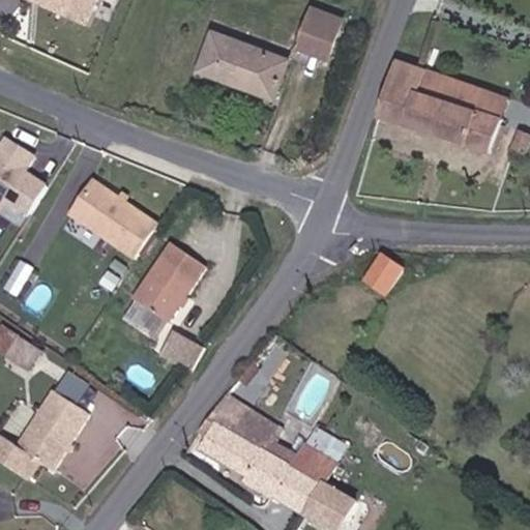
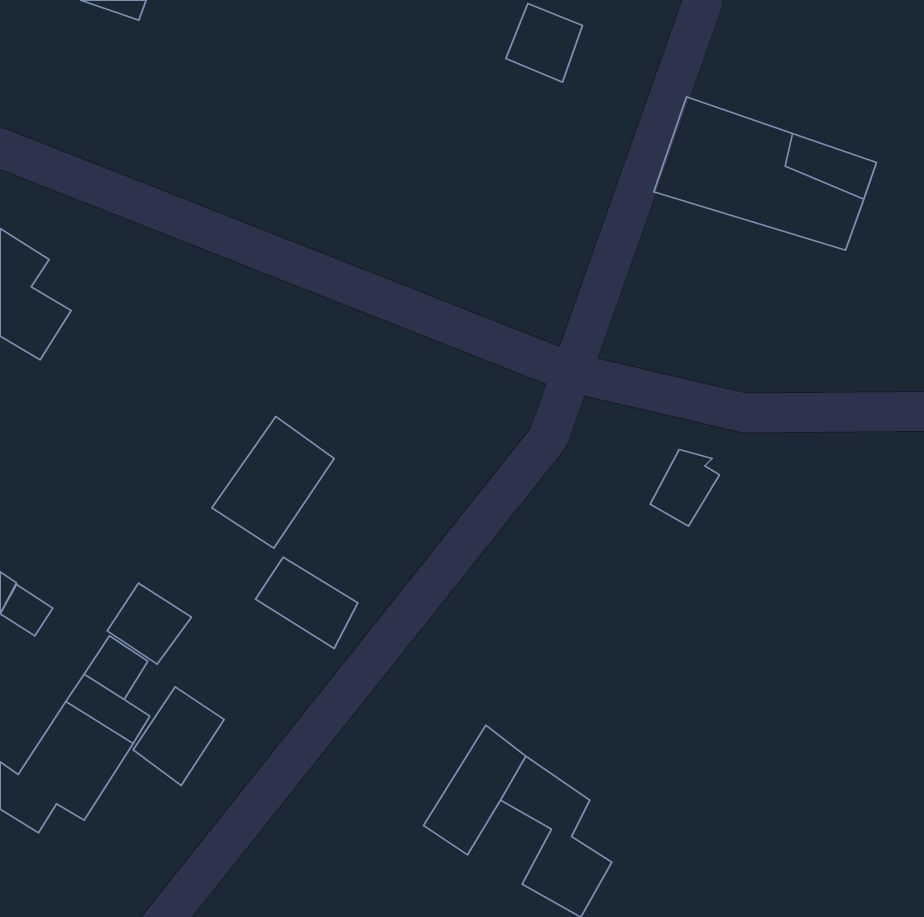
building: [193,21,281,90] -> none
building: [65,184,152,261] -> none
building: none -> [107,583,191,664]
building: [202,390,281,472] -> none
building: none -> [133,687,224,786]
building: [270,463,318,510] -> none

